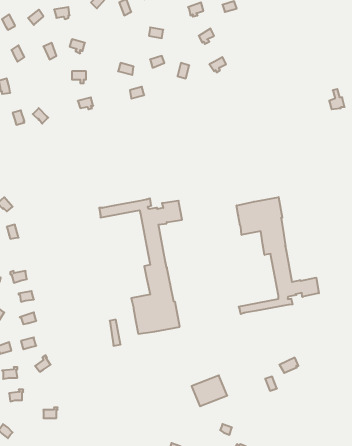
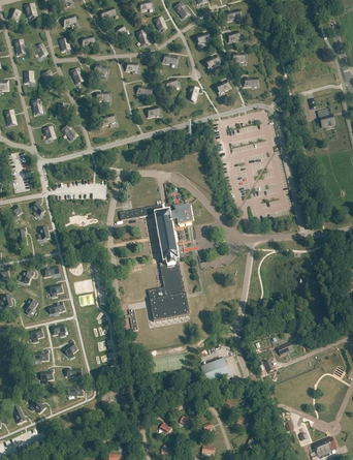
building: [237,197,319,314] -> none

